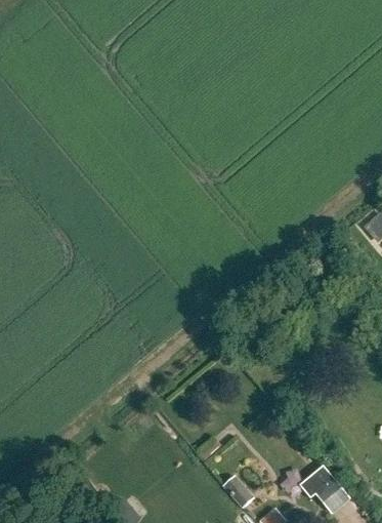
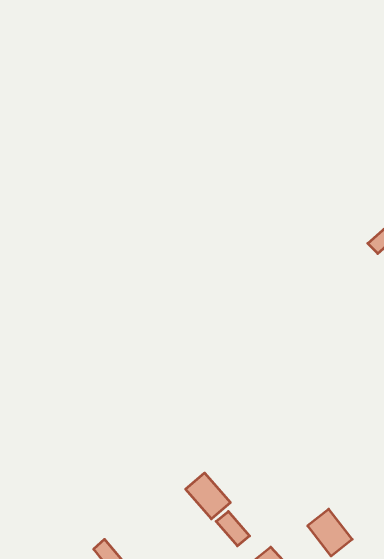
building: none -> [186,473,230,519]

